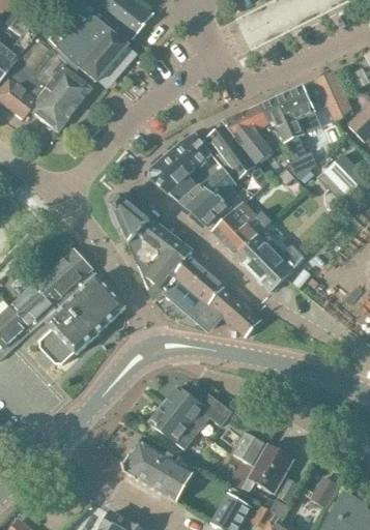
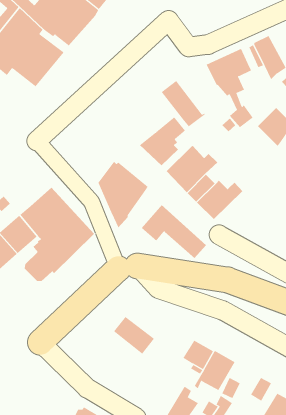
building: [222,105,284,164] -> none
building: [150,134,210,201] -> none
building: [113,195,149,245] -> none
building: [167,255,206,299] -> none
building: [163,384,232,432] -> none
building: [124,440,194,503] -> none

